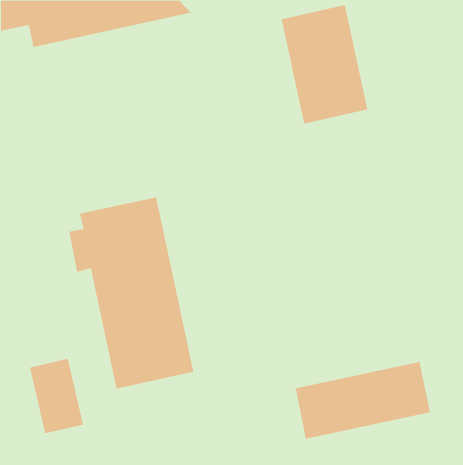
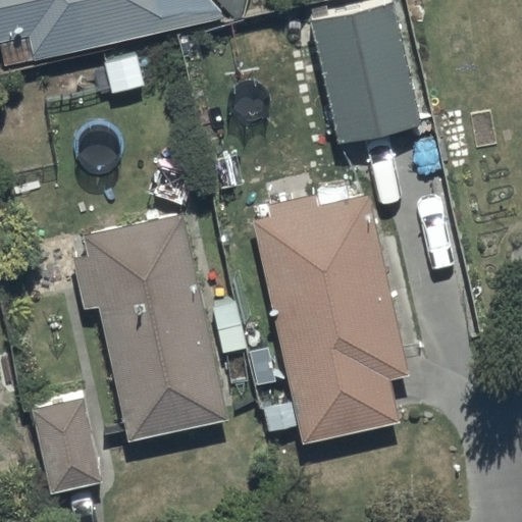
building: none -> [267,201,397,432]
building: [295,361,430,440] -> none

